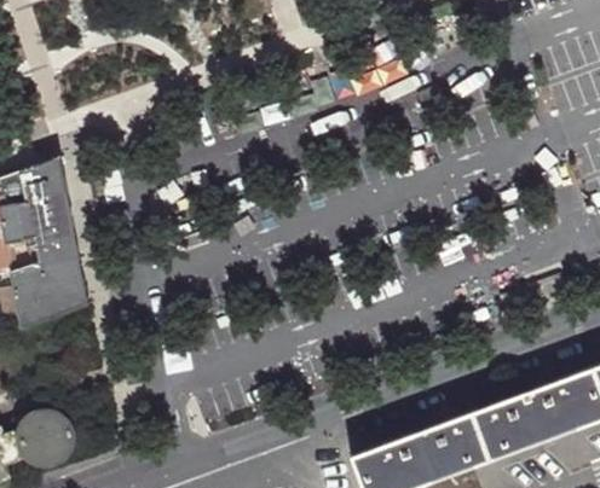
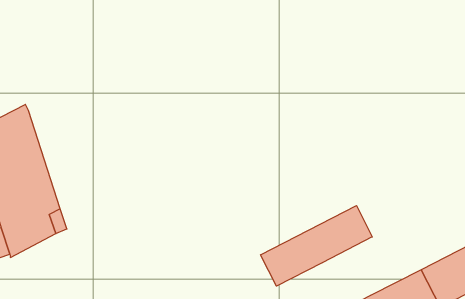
building: none -> [261,206,372,286]

